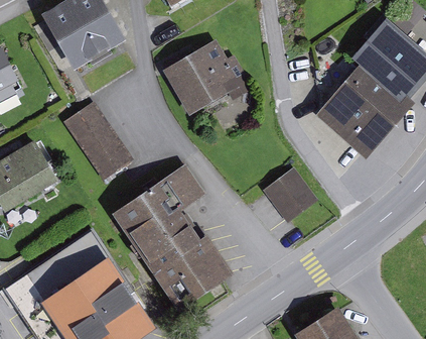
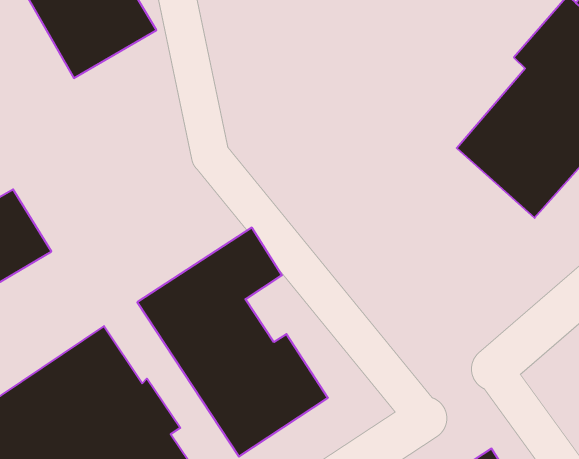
building: [162,39,253,115] -> none
building: [63,102,134,182] -> none
building: [263,168,317,224] -> none

